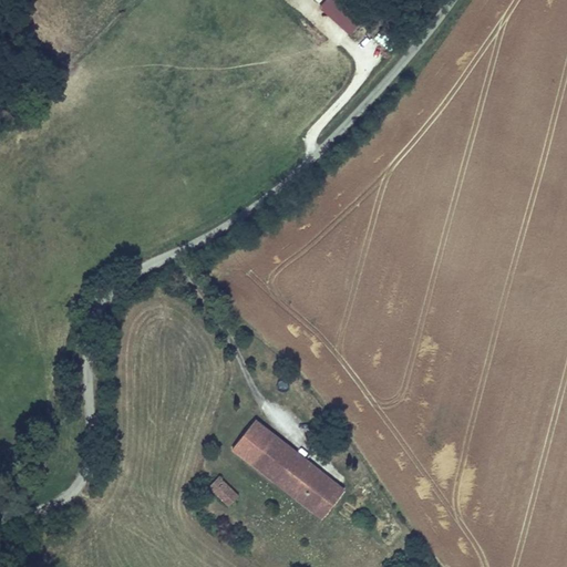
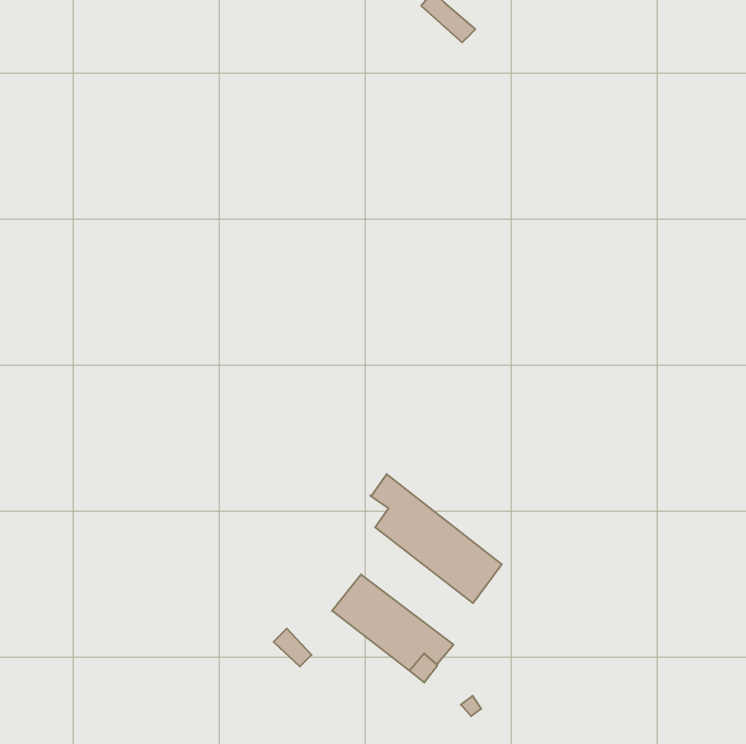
building: none -> [370,474,502,603]
building: [233,421,275,463] -> none

